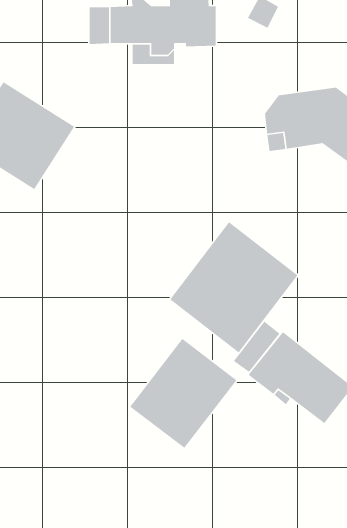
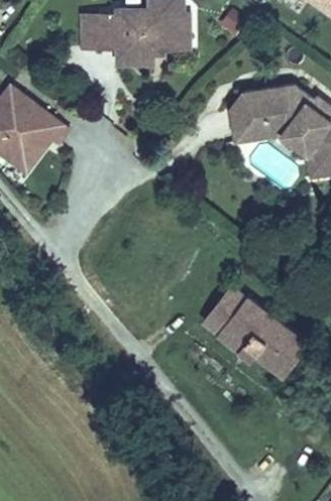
building: [169,221,299,353] -> none
building: [129,338,238,449] -> none

